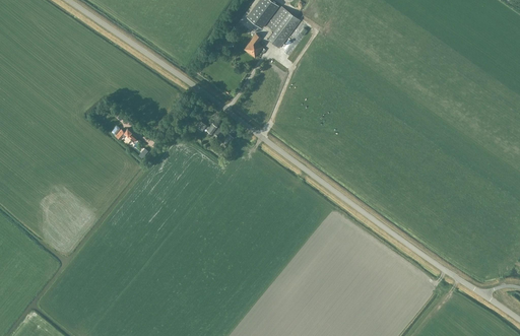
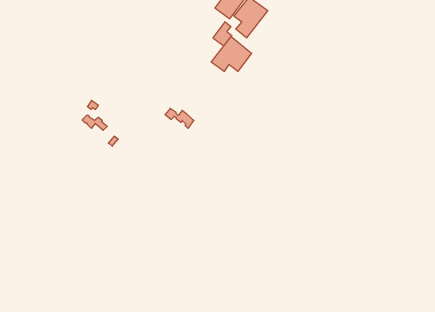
building: none -> [211,37,252,72]

